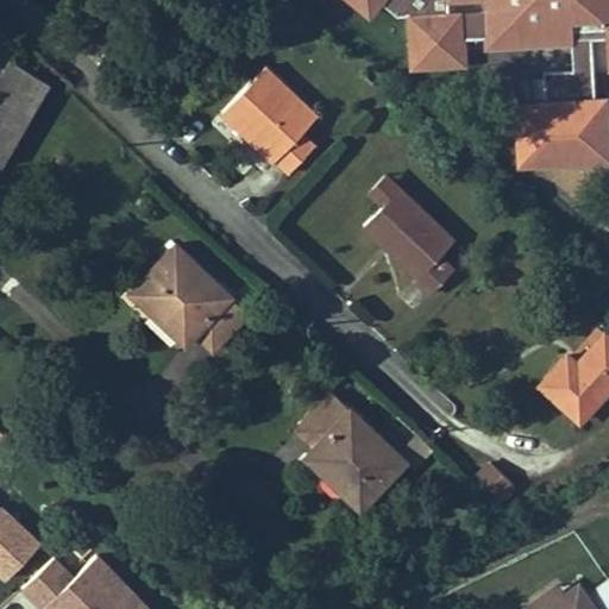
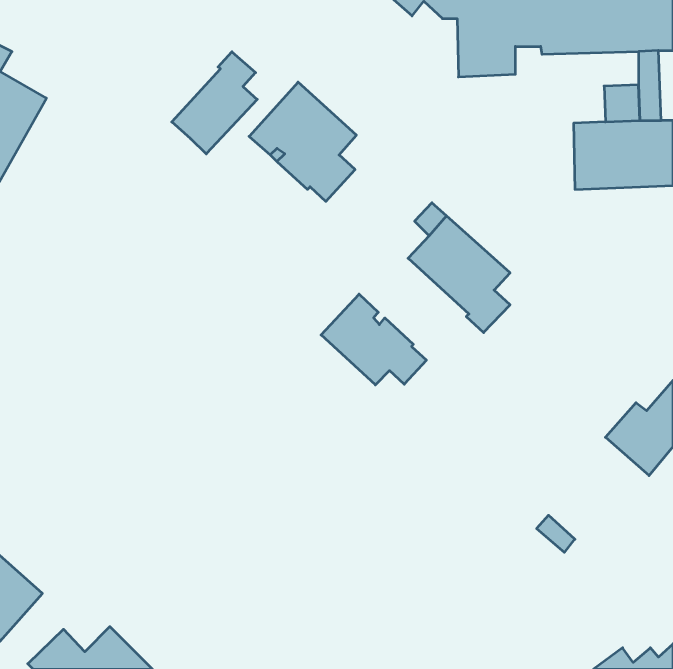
building: none -> [172,52,257,154]
building: [128,246,246,347] -> none
building: none -> [321,294,426,385]
building: [302,395,407,513] -> none

